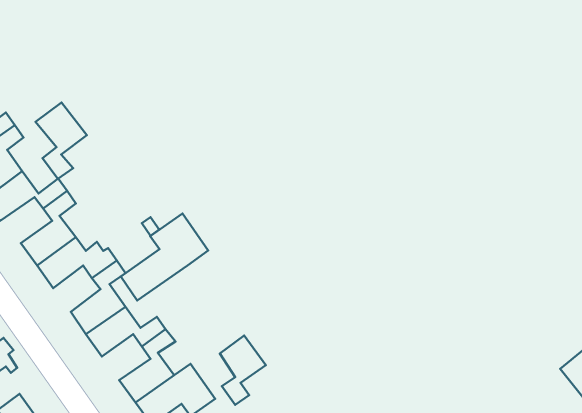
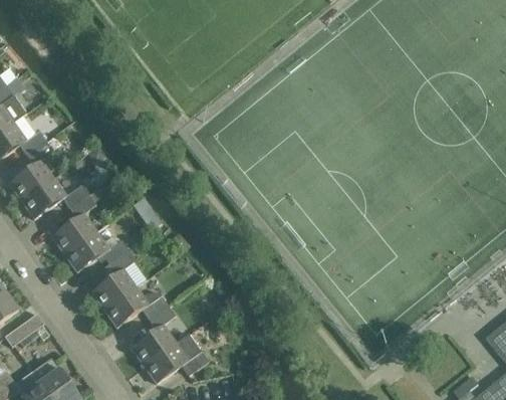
building: [36,102,87,179] -> none
building: [121,214,208,300] -> none
building: [220,336,266,405] -> none

